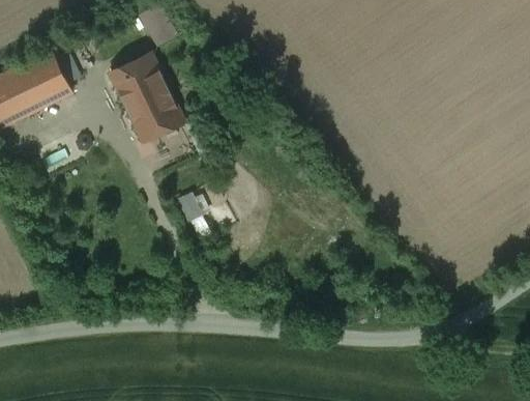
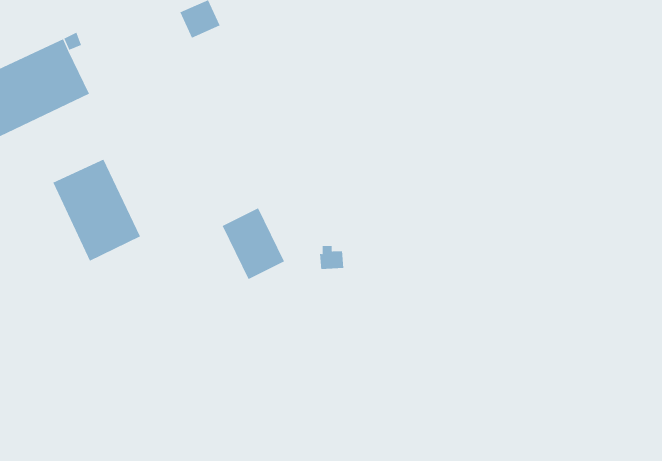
building: [109,54,178,135] -> [53,159,141,262]

